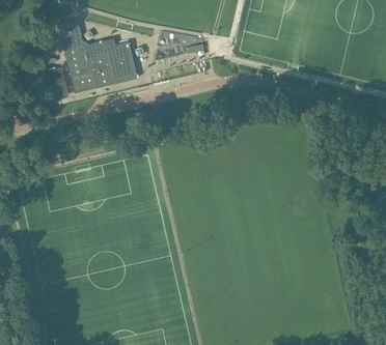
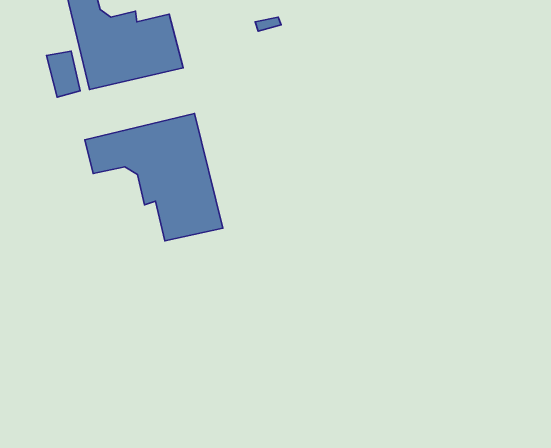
building: none -> [85,113,223,241]

